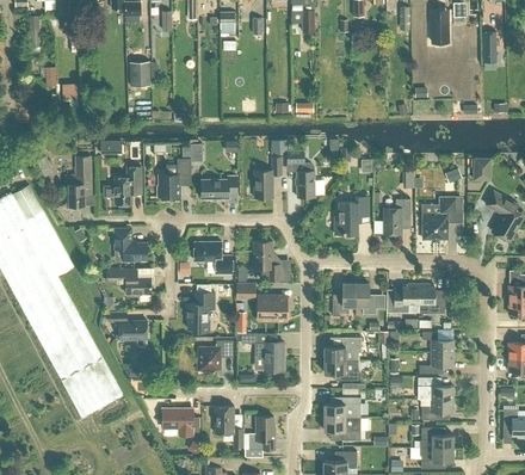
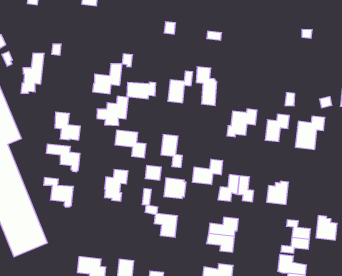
building: [103,166,141,204] -> [97,96,128,126]
building: none -> [193,159,223,185]
building: [419,283,444,311] -> [316,216,337,240]
building: [197,340,233,370] -> none

